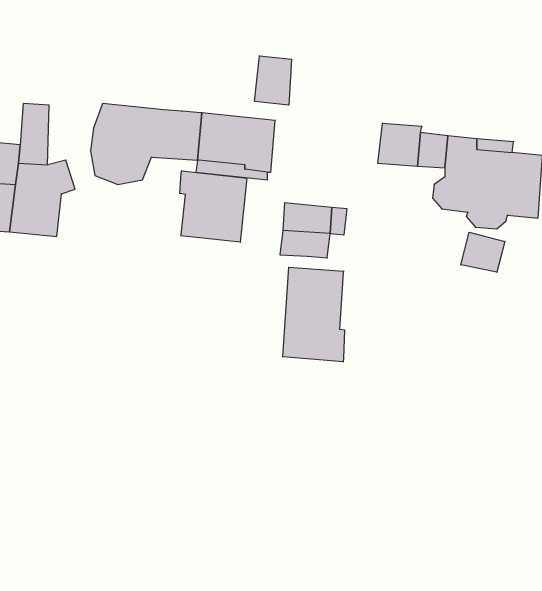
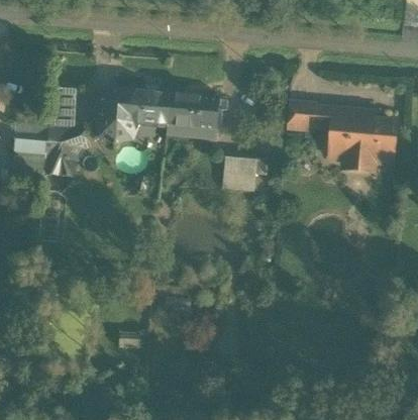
building: [255,56,292,105] -> none
building: [180,171,247,242] -> none
building: [461,232,505,272] -> none
building: [283,267,345,362] -> none

